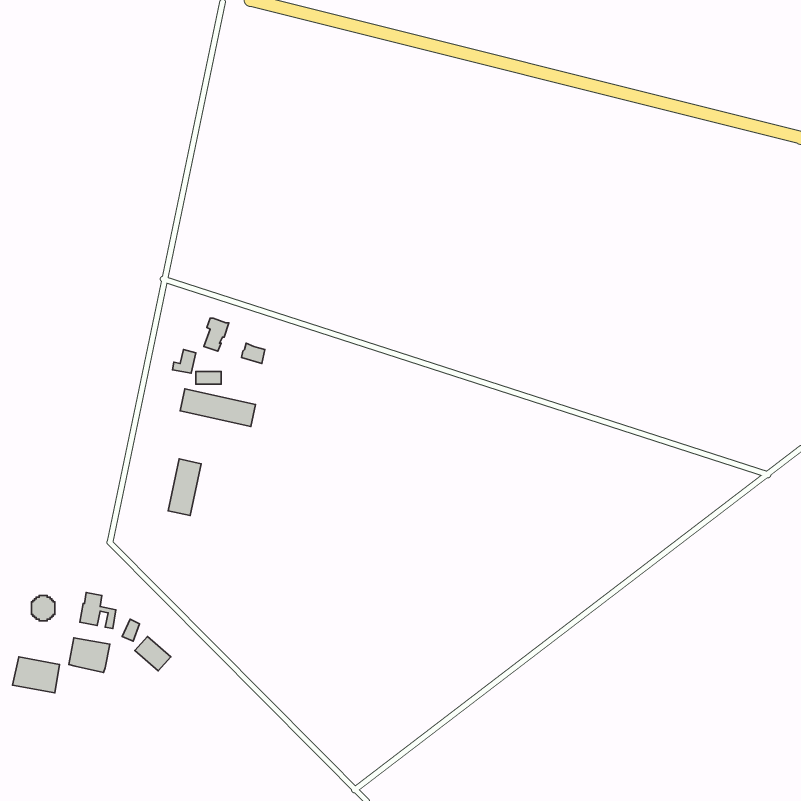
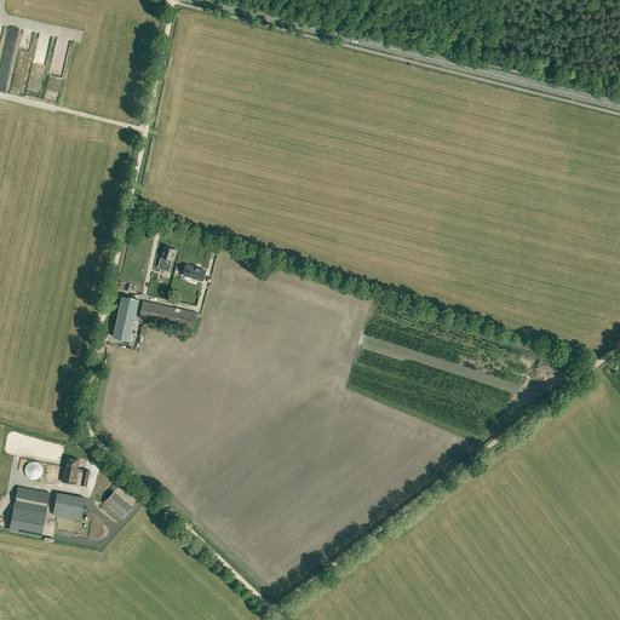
building: [168,459,201,515] -> [113,297,138,340]
building: none -> [15,487,50,513]

